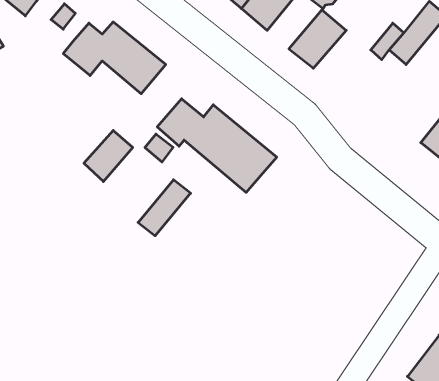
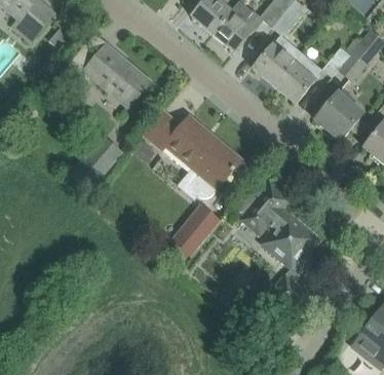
building: none -> [273,52,320,103]
building: none -> [315,92,362,141]
building: [138,180,191,236] -> [175,209,219,256]
building: none -> [244,185,317,311]

